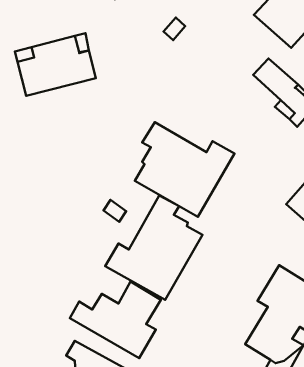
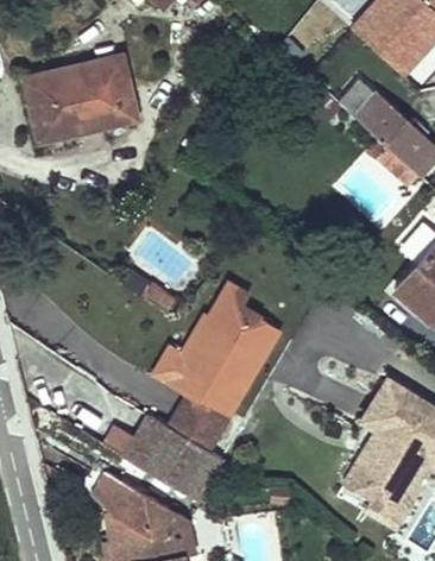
building: [135,122,235,217] -> none

